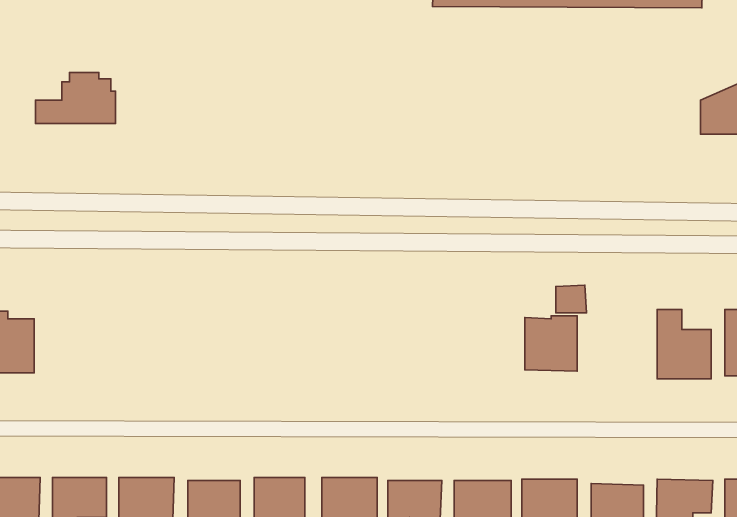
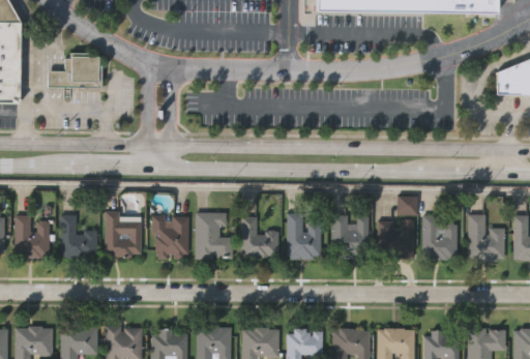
building: none -> [195,211,232,259]
building: none -> [287,212,320,258]
building: none -> [106,213,141,257]
building: none -> [60,214,97,257]
building: none -> [241,214,278,257]
building: none -> [153,215,188,258]
building: none -> [331,215,369,256]
building: none -> [422,215,457,259]

